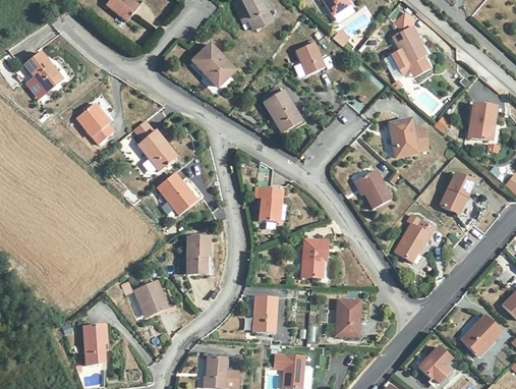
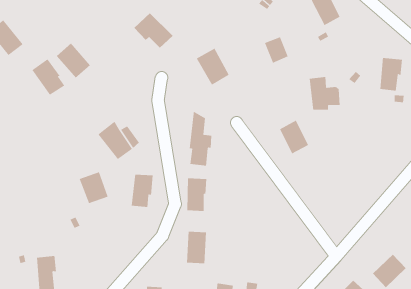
building: [296,42,324,72] -> [264,37,289,64]
building: [137,127,177,168] -> [56,43,91,79]
building: [439,170,476,212] -> none
building: [392,217,436,263] -> none
building: [302,236,326,274] -> [186,178,207,211]
building: [133,277,167,314] -> [79,171,109,204]
building: [341,297,364,333] -> none

